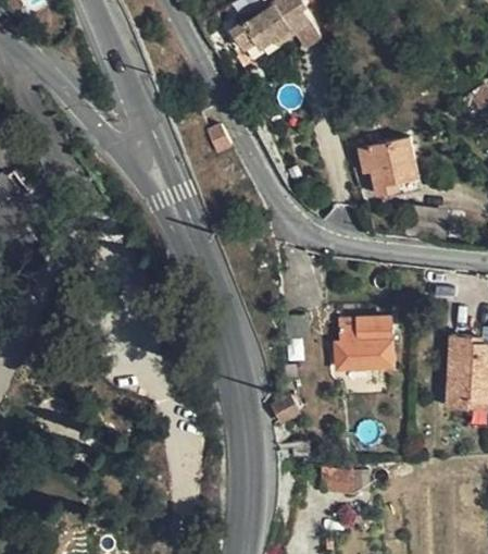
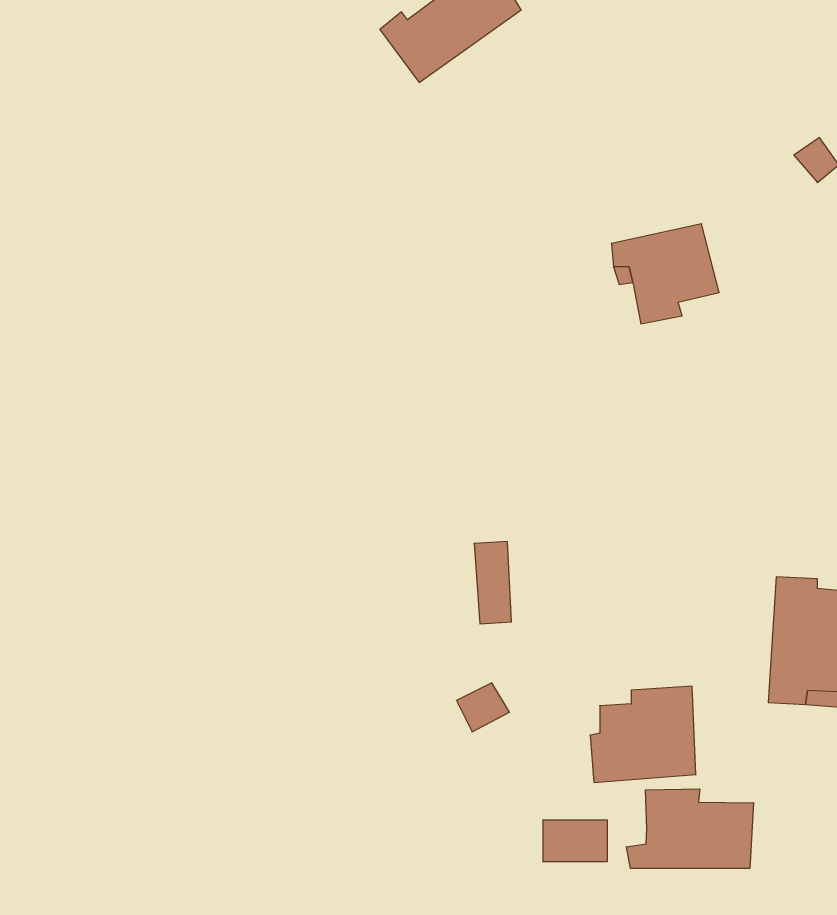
building: [335,315,393,368] -> [590,686,696,782]
building: none -> [626,789,753,868]

